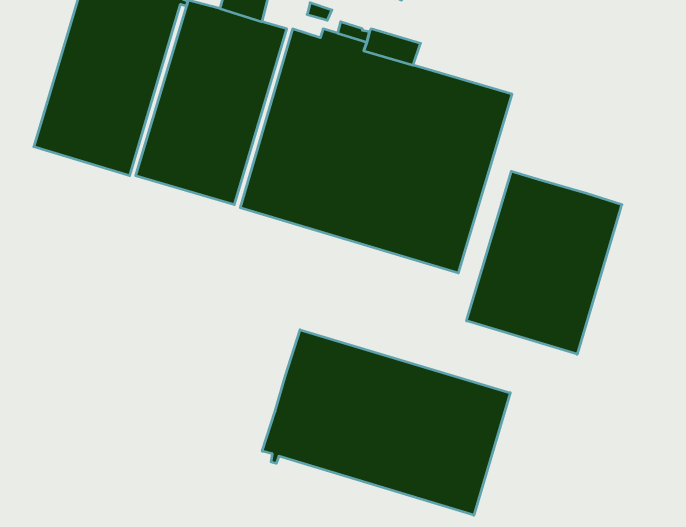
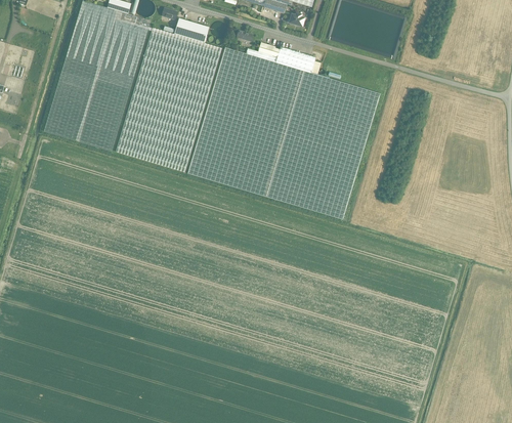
building: [467,171,622,354] -> none
building: [262,330,510,515] -> none

